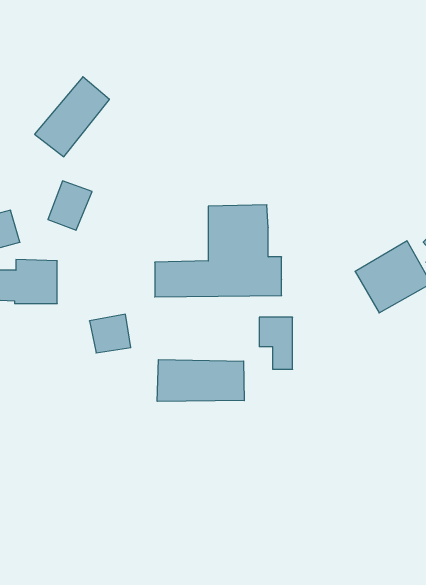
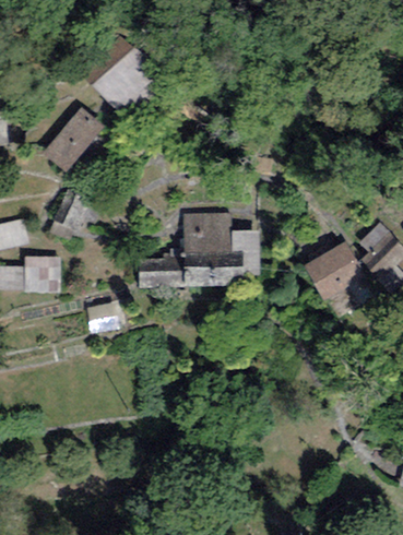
building: none -> [93,50,155,112]
building: [259,317,293,369] -> [233,229,260,272]
building: [157,360,244,401] -> none

